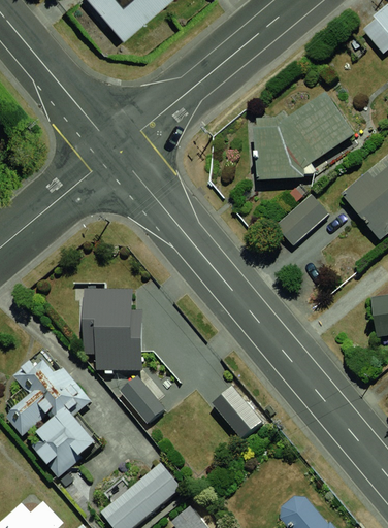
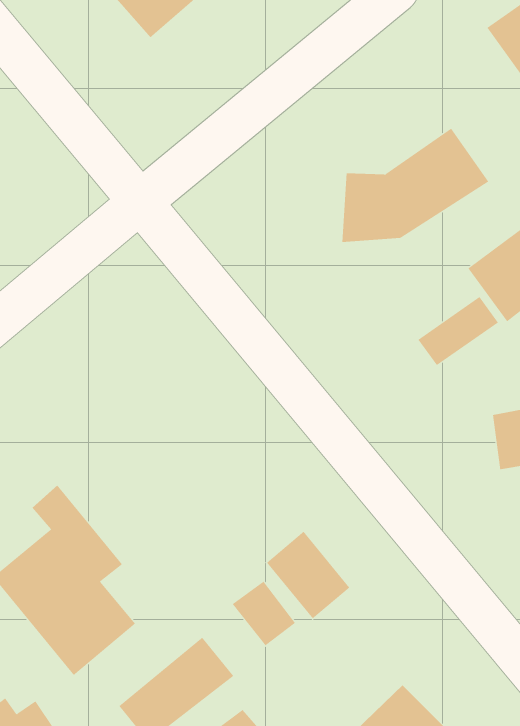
building: [268,196,326,245] -> [418,296,499,366]
building: [83,282,140,375] -> none
building: [117,381,162,427] -> [232,581,296,646]

